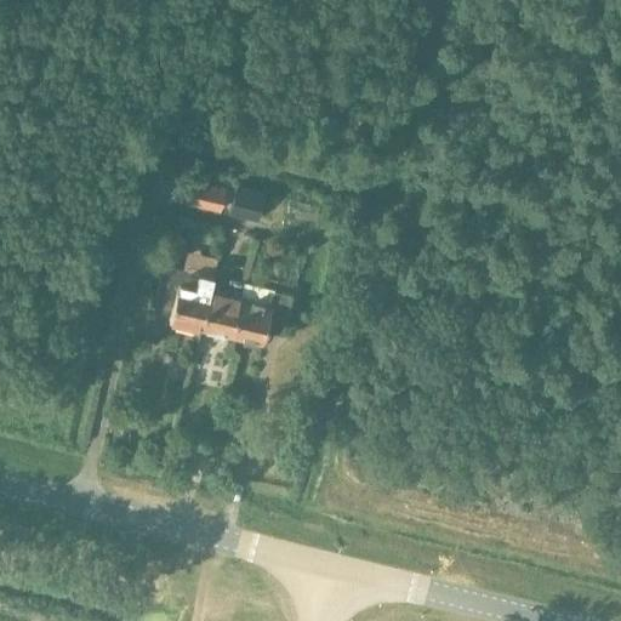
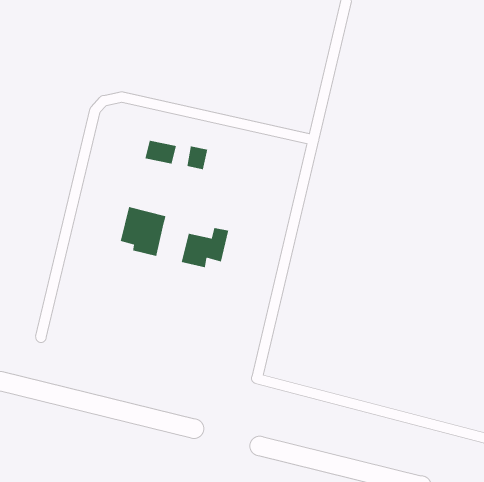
building: [203,283,245,340] -> none

